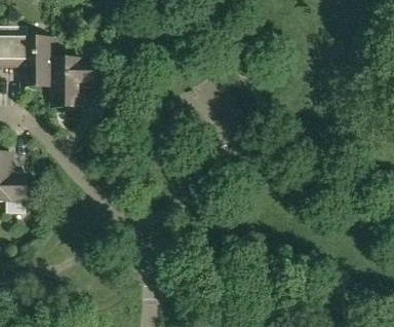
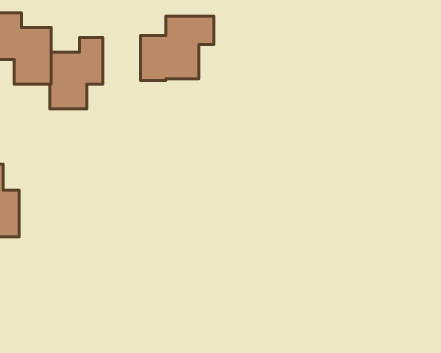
building: none -> [140,16,214,80]

